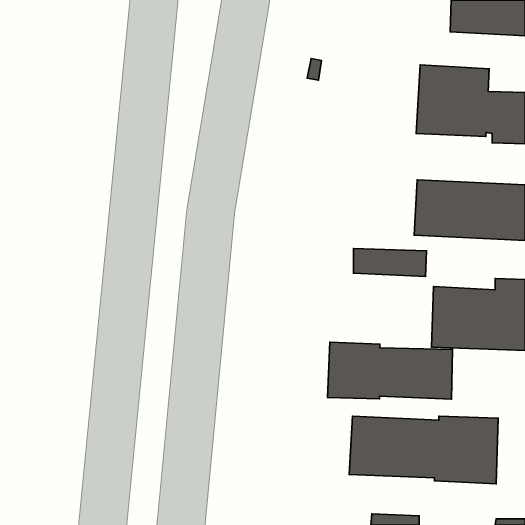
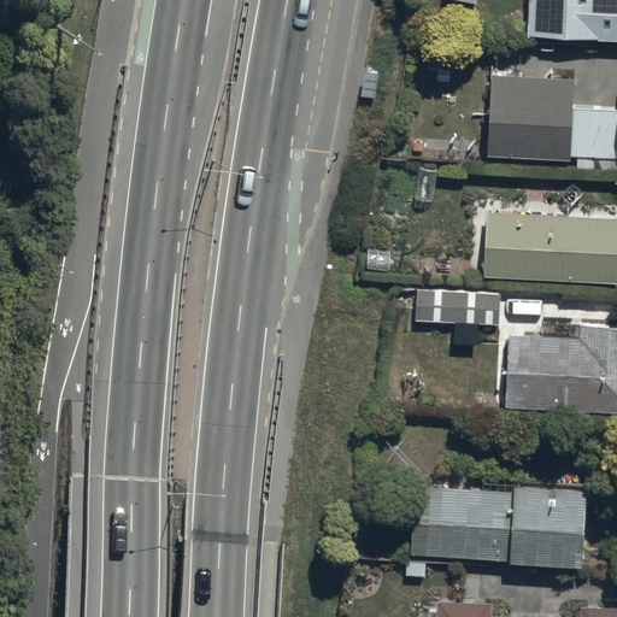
building: [327,342,452,399] -> none

